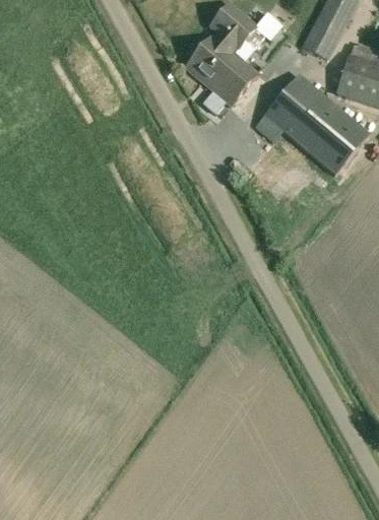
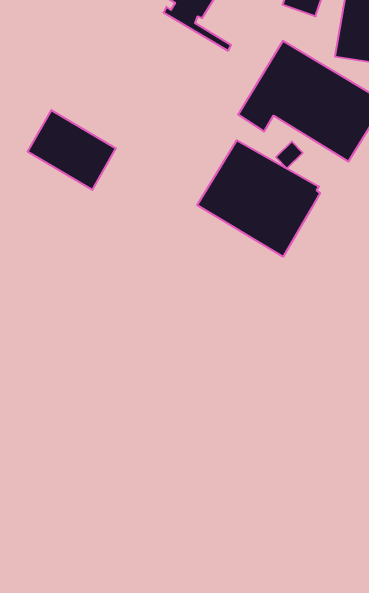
building: [185,39,254,106] -> [28,110,116,190]
building: none -> [197,140,320,257]

